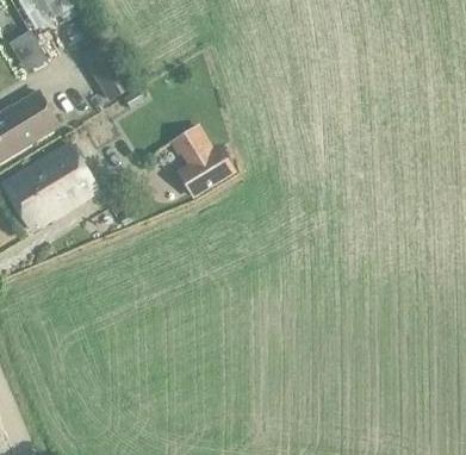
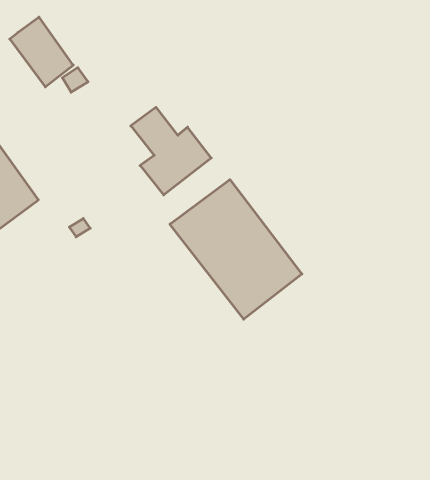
building: none -> [170,180,302,319]

